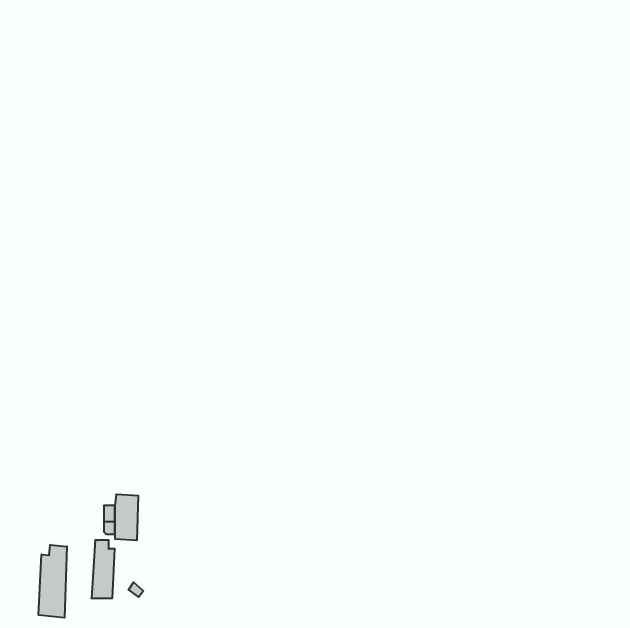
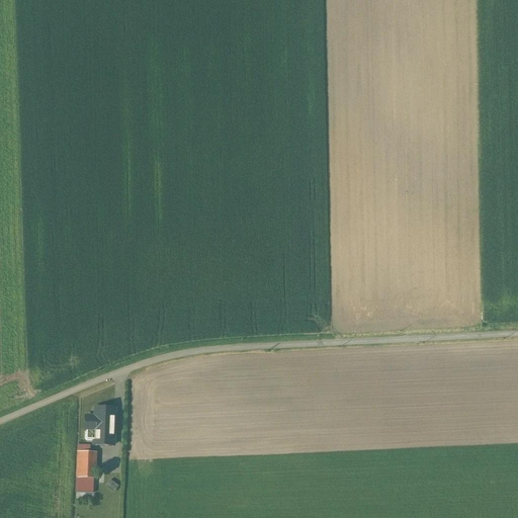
building: [39,545,67,618] -> none

